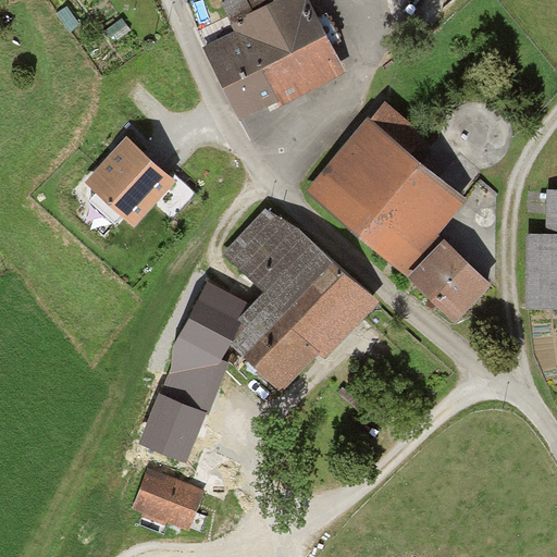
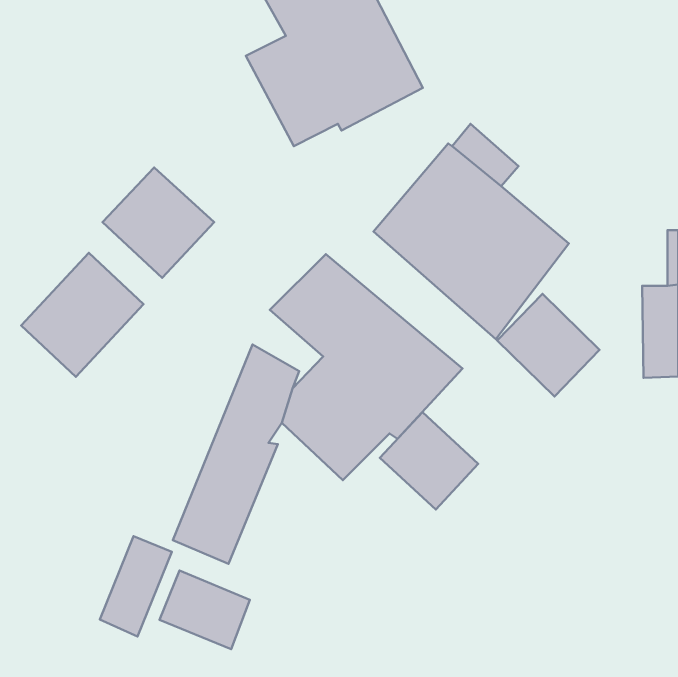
building: none -> [21,253,143,377]
building: none -> [380,412,478,510]
building: none -> [100,536,172,636]

